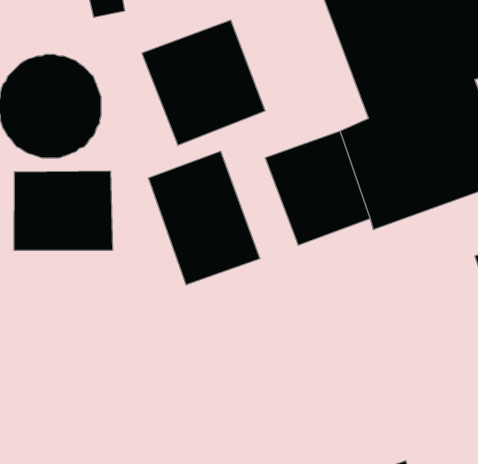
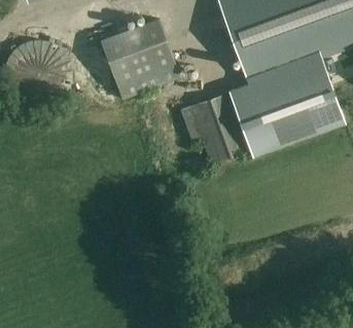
building: [149,151,260,285] -> none
building: [14,171,112,250] -> none

